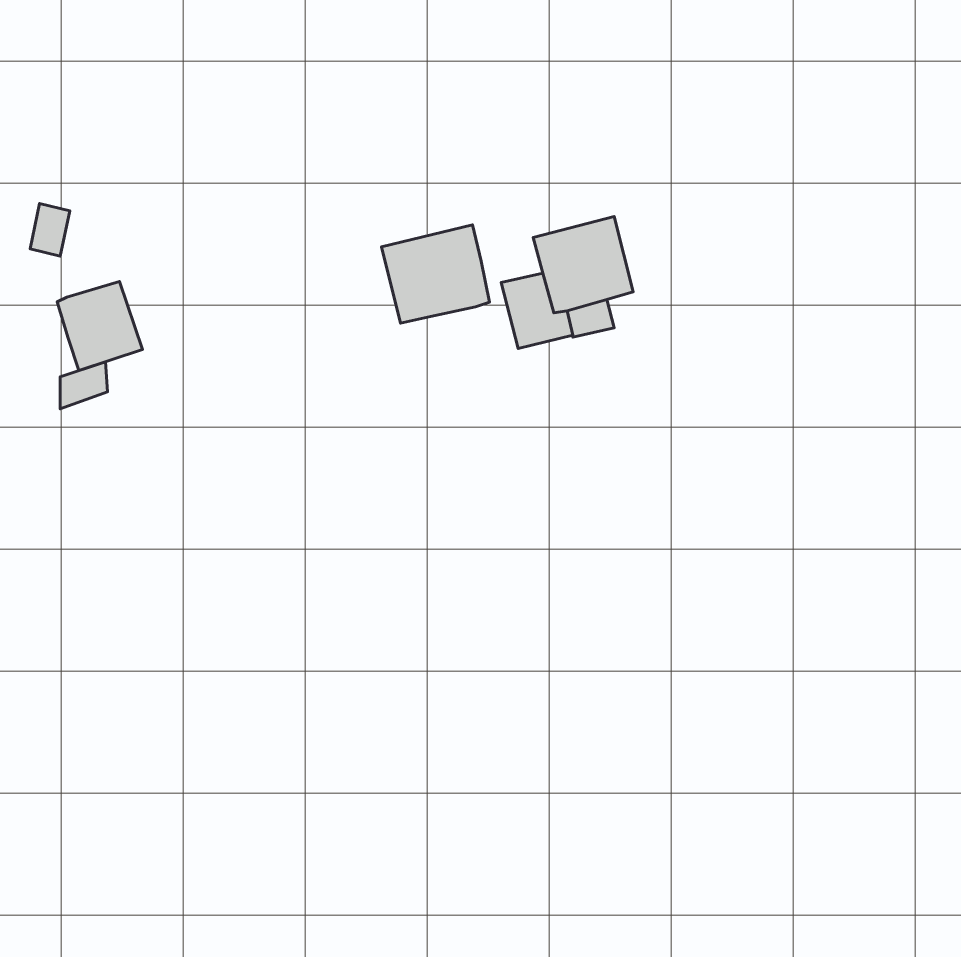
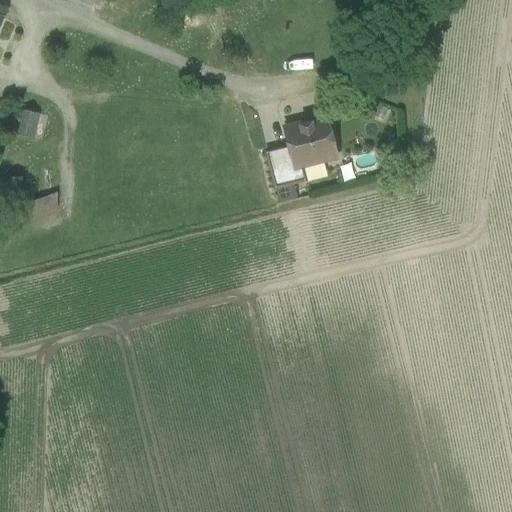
building: [381,225,490,323] -> none
building: [57,281,142,371] -> none

